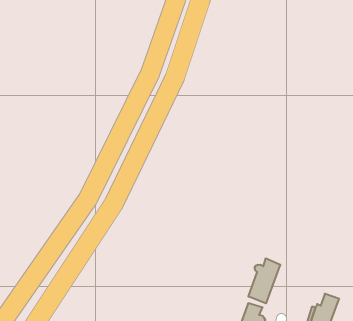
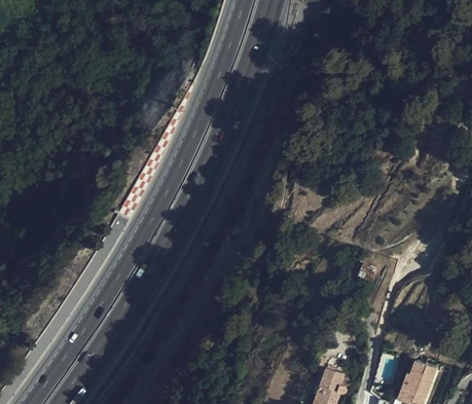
building: [248,258,280,303] -> none

